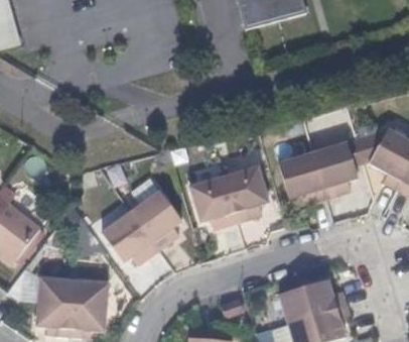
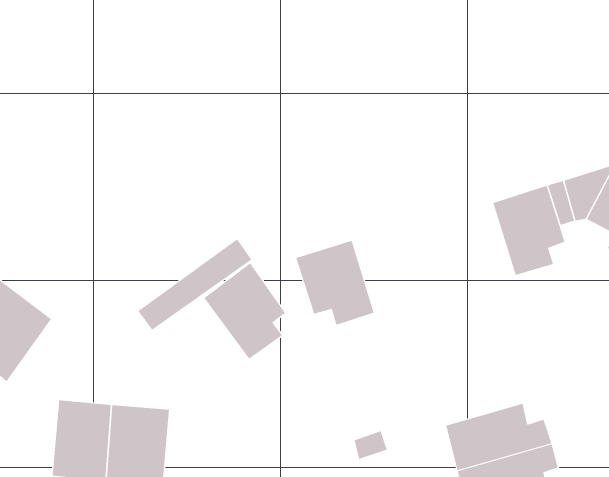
building: [278,152,325,206] -> none
building: [224,164,269,221] -> none
building: [102,212,159,265] -> none

